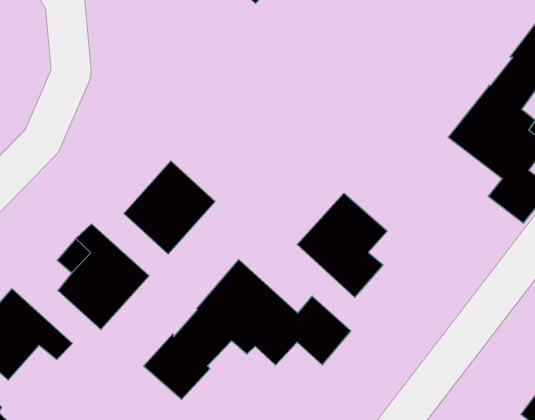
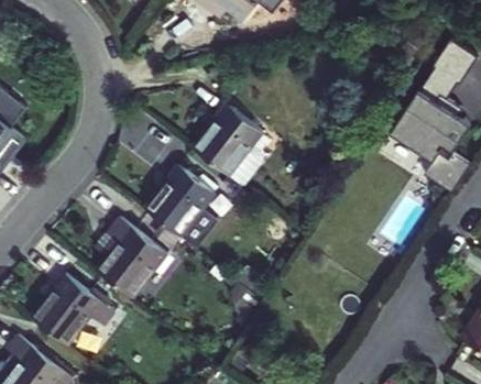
building: [297,193,387,298] -> [193,106,261,185]
building: [144,259,351,399] -> none

